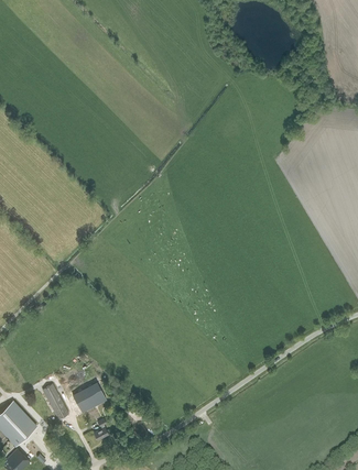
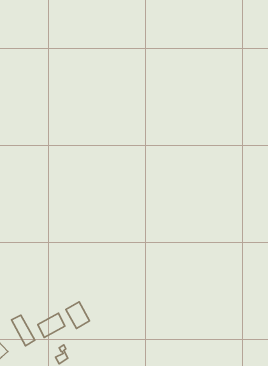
building: none -> [66,302,90,329]

